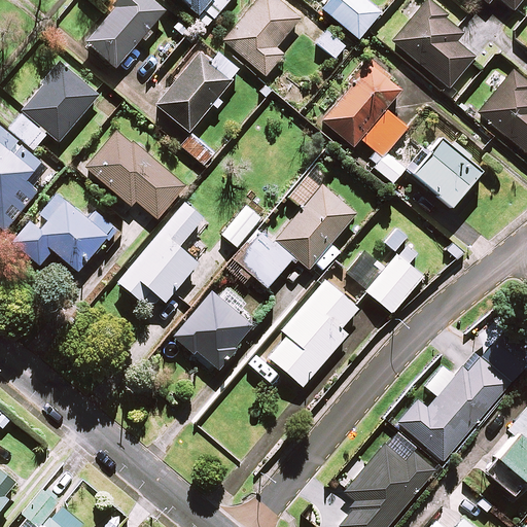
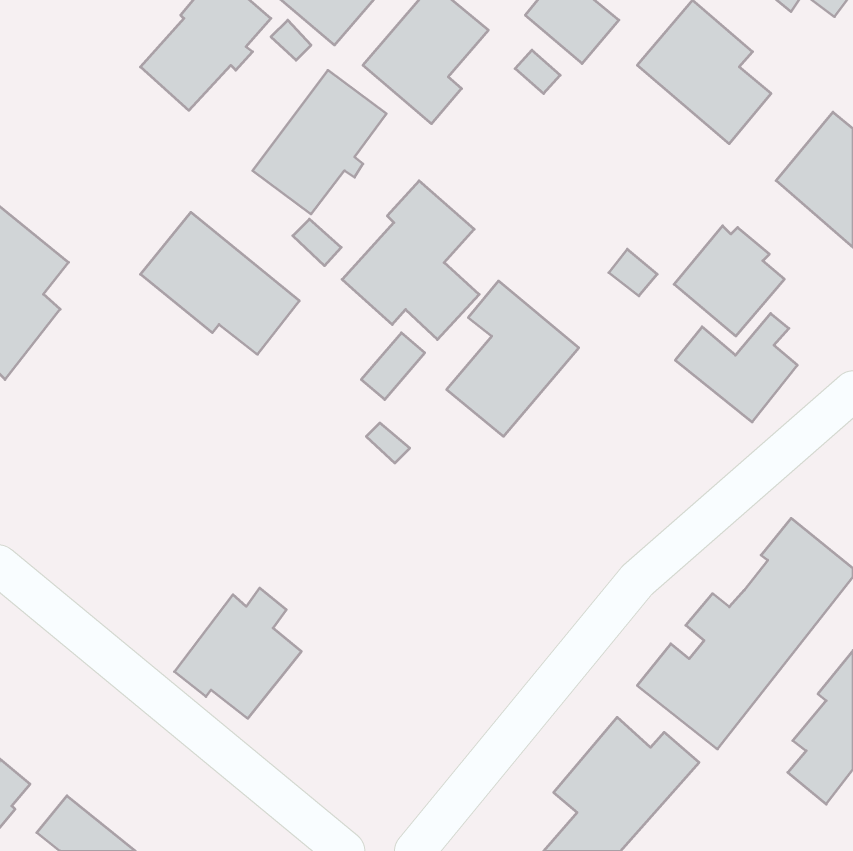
building: [322,59,407,156] -> [342,181,479,340]
building: [8,63,99,148] -> none
building: [12,190,117,271] -> none
building: [119,203,203,309] -> none
building: [241,234,292,285] -> none
building: [347,244,422,311] -> [675,313,797,422]
building: [268,269,358,386] -> none
building: [175,286,253,366] -> [174,588,301,718]

